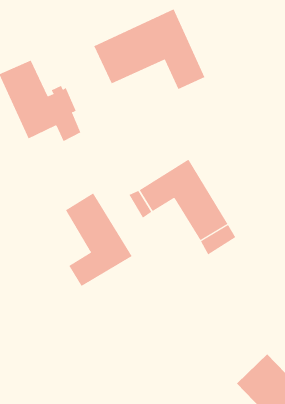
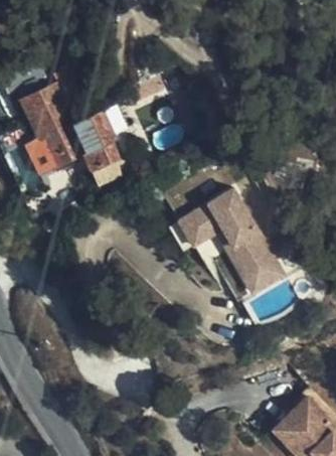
building: [93,9,205,90] -> none
building: [65,192,132,287] -> none

